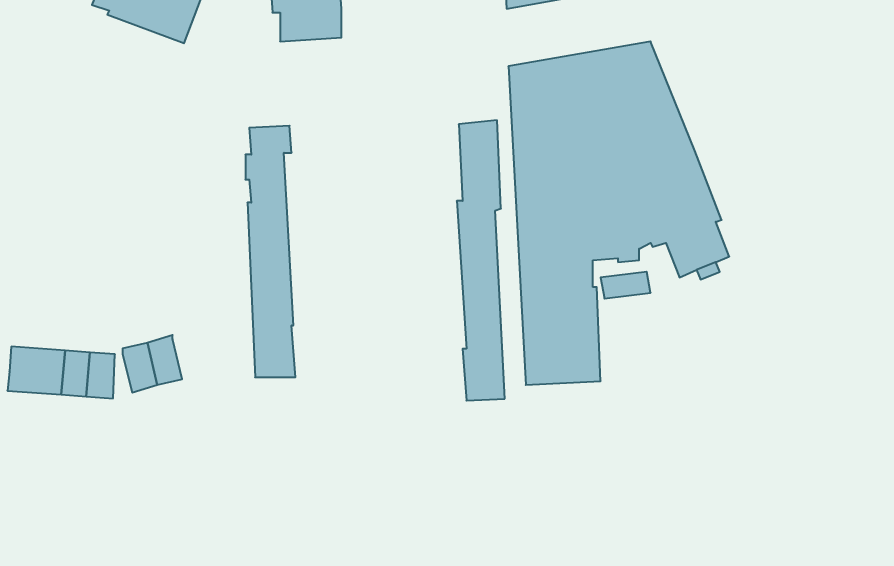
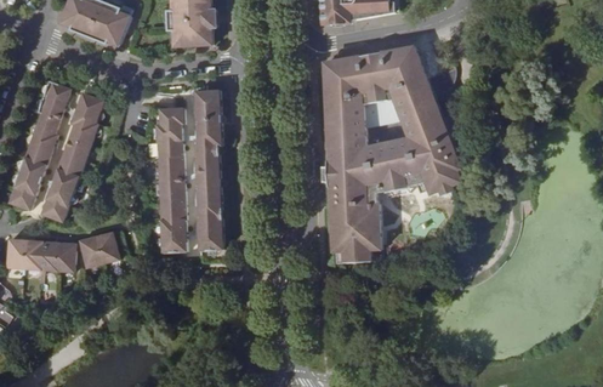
building: none -> [7,84,68,211]
building: none -> [41,93,101,222]
building: [457,120,505,401] -> [193,81,223,258]

